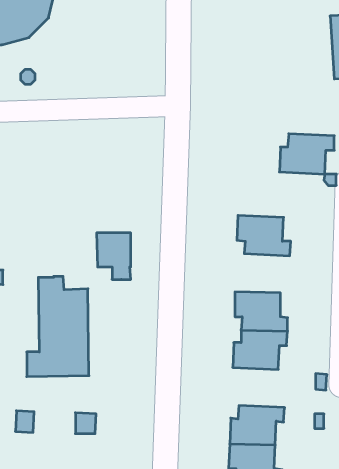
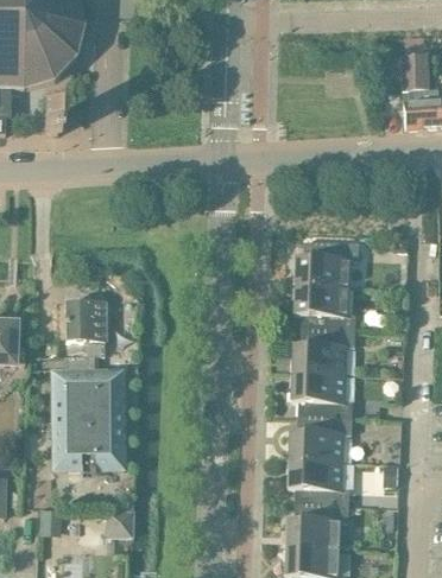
building: [279,134,334,174] -> [296,241,359,287]
building: [97,233,131,279] -> [67,301,106,355]
building: none -> [292,329,355,374]
building: none -> [289,459,349,506]

